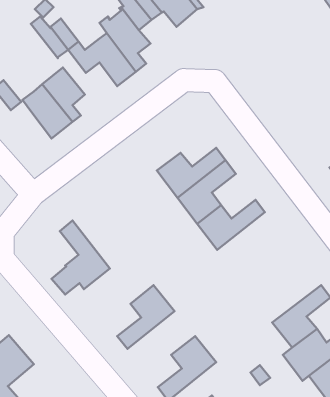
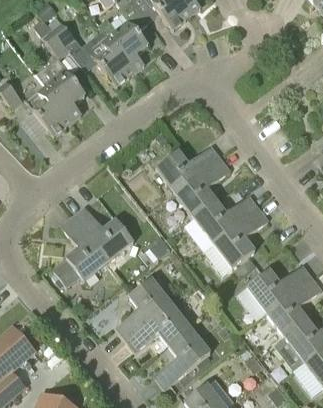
building: none -> [73,206,134,261]
building: none -> [212,207,268,268]
building: none -> [246,264,312,313]
building: none -> [126,302,191,350]

